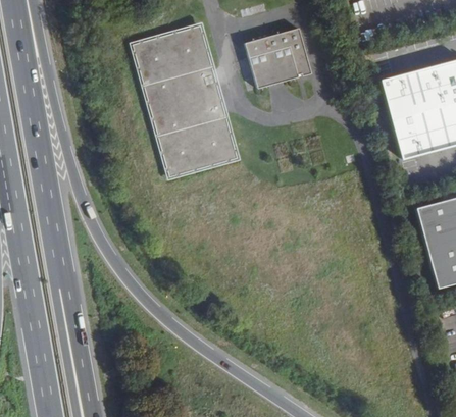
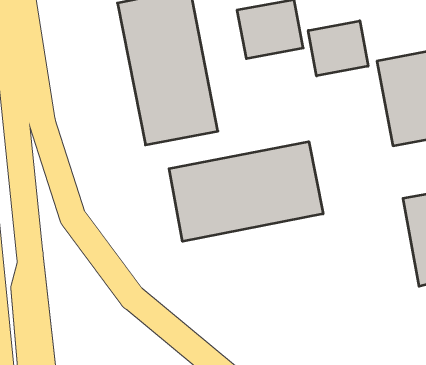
building: none -> [308,21,368,76]
building: none -> [169,142,323,241]

